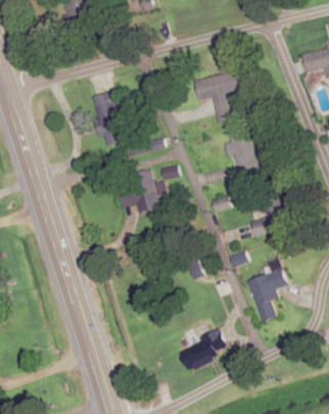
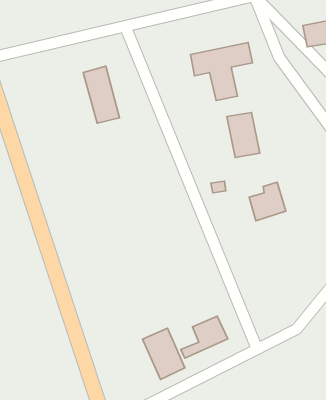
building: [118,170,167,210] -> none
building: [247,268,287,322] -> none
building: none -> [142,328,185,379]

